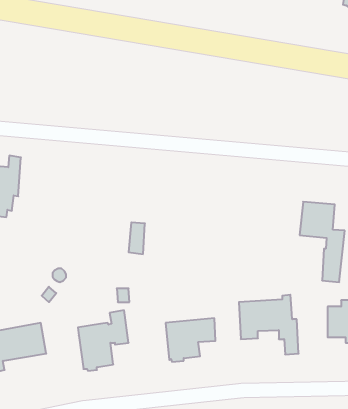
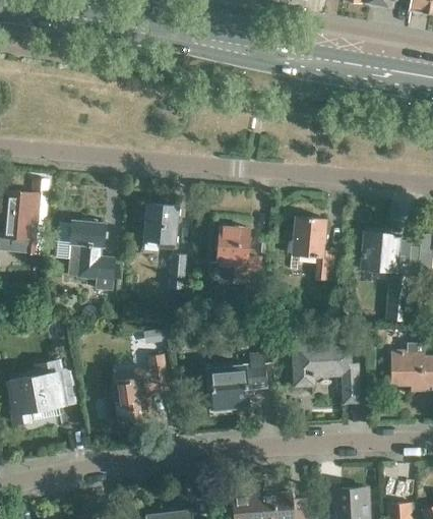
building: none -> [143,204,177,250]
building: none -> [292,217,333,282]
building: none -> [56,219,113,295]
building: none -> [215,226,261,286]

